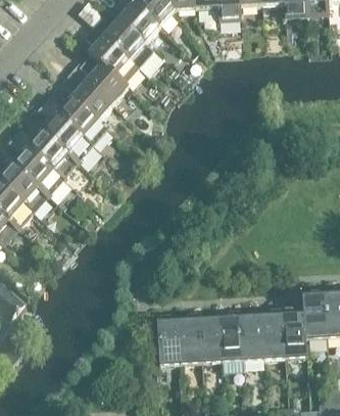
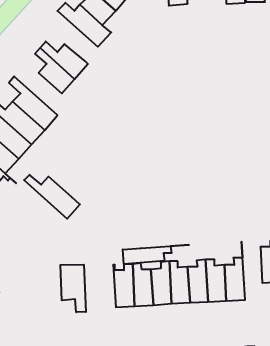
building: [84,28,138,85] -> none
building: [43,96,106,146] -> [24,175,80,219]
building: [301,289,325,338] -> none
building: none -> [123,245,189,264]
building: none -> [60,265,86,312]

